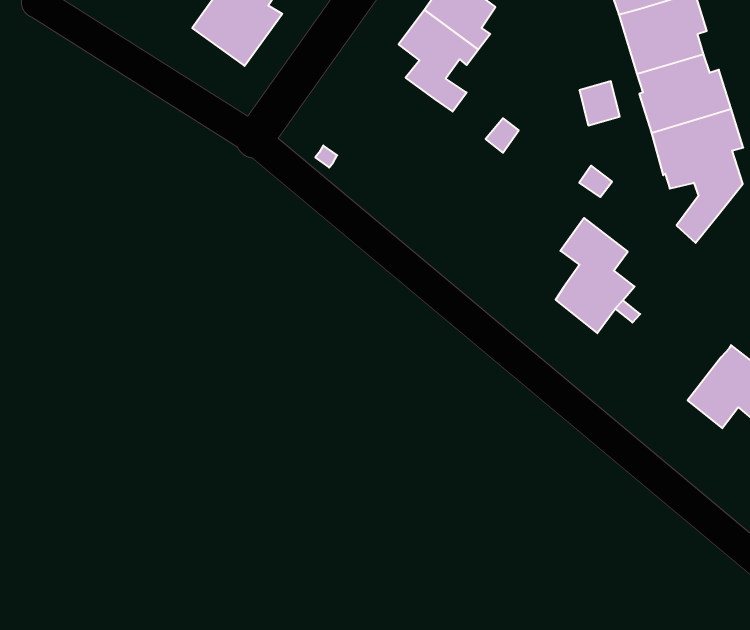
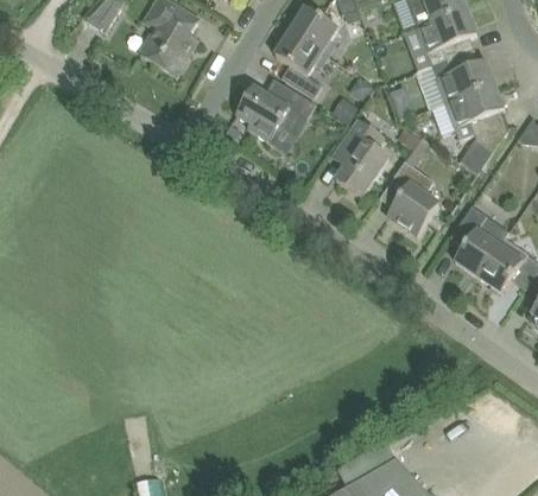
building: none -> [235,83,316,140]
building: none -> [333,119,388,196]
building: none -> [450,205,499,275]

